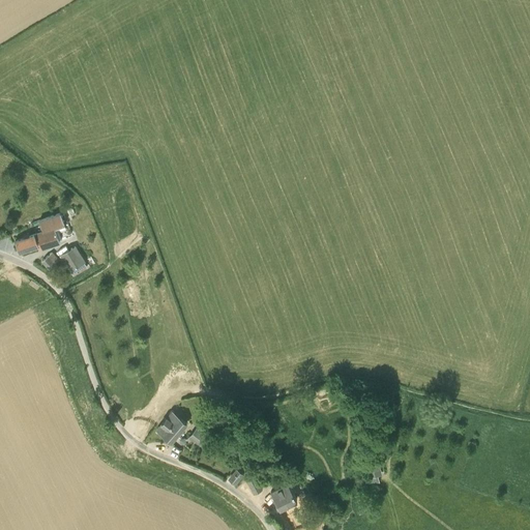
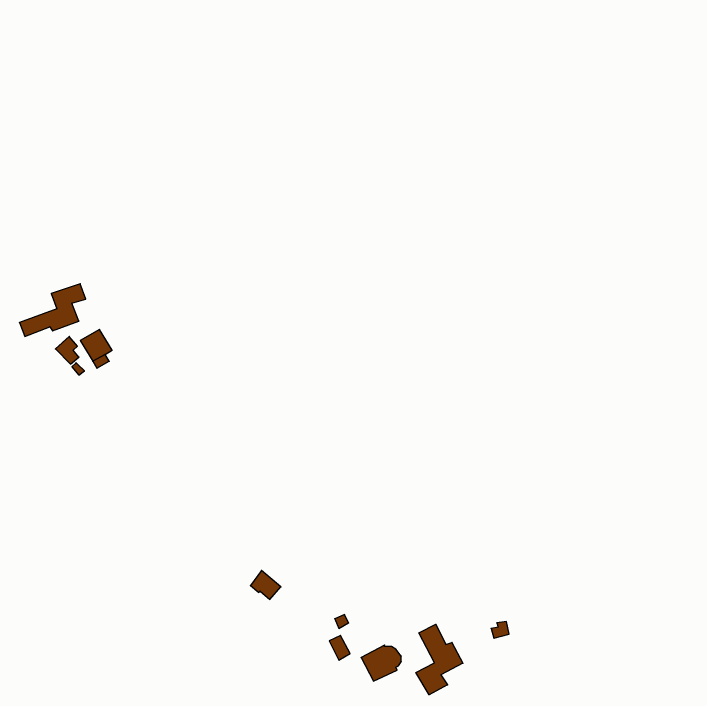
building: [156,414,185,442] -> none
building: none -> [416,624,463,695]

